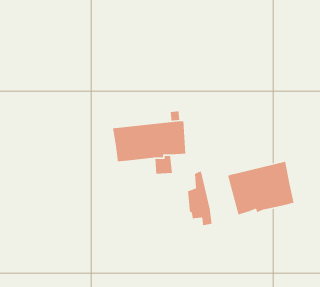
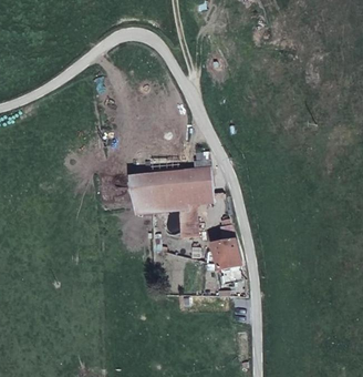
building: [227,161,295,215] -> none

